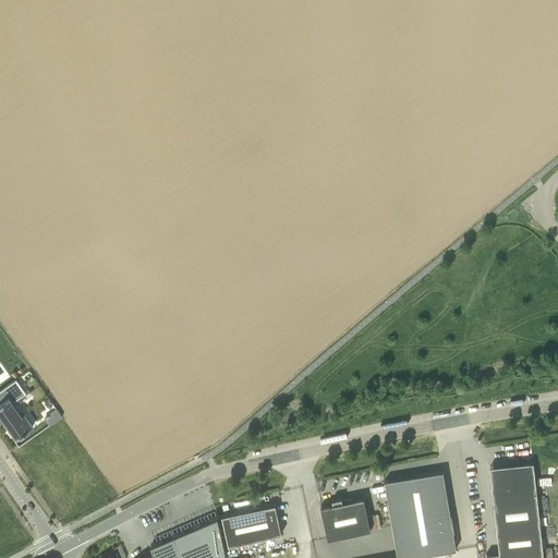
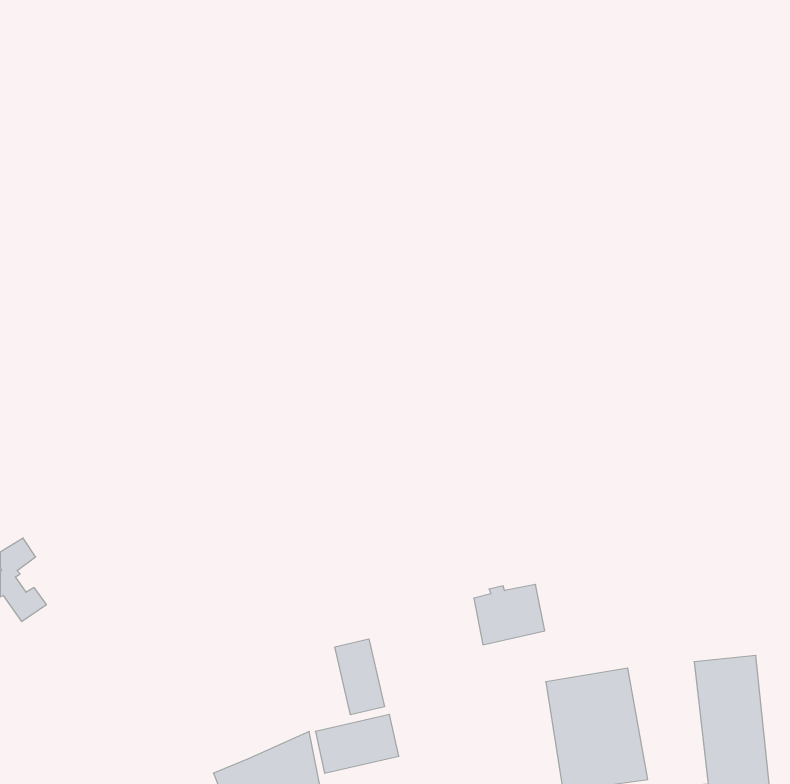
building: none -> [335,639,384,715]
building: [320,500,371,543] -> [474,584,545,645]

